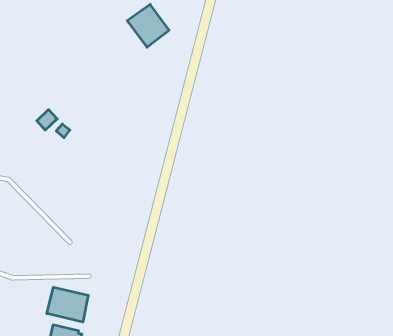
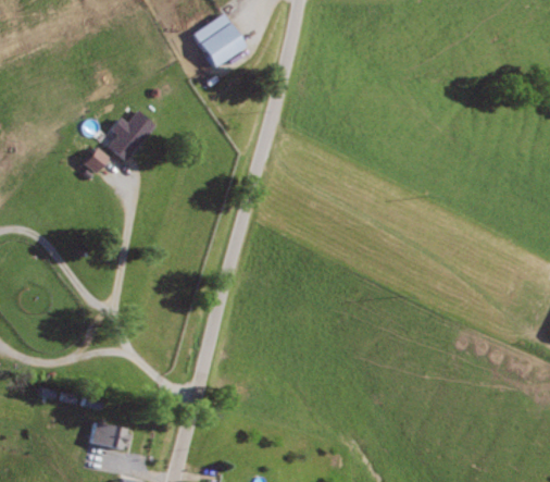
building: none -> [109,111,159,163]
building: [47,287,88,322] -> none

